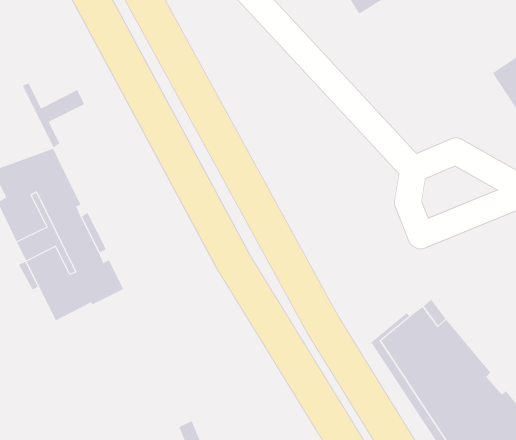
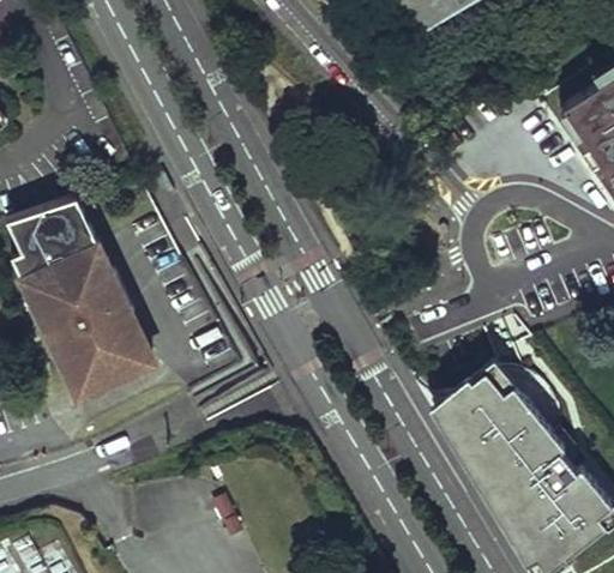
building: [22,83,85,148] -> none

